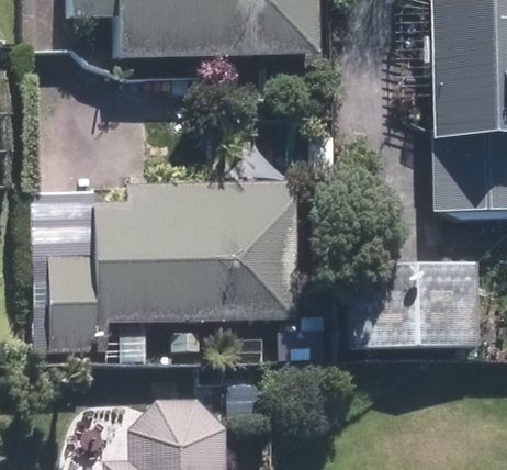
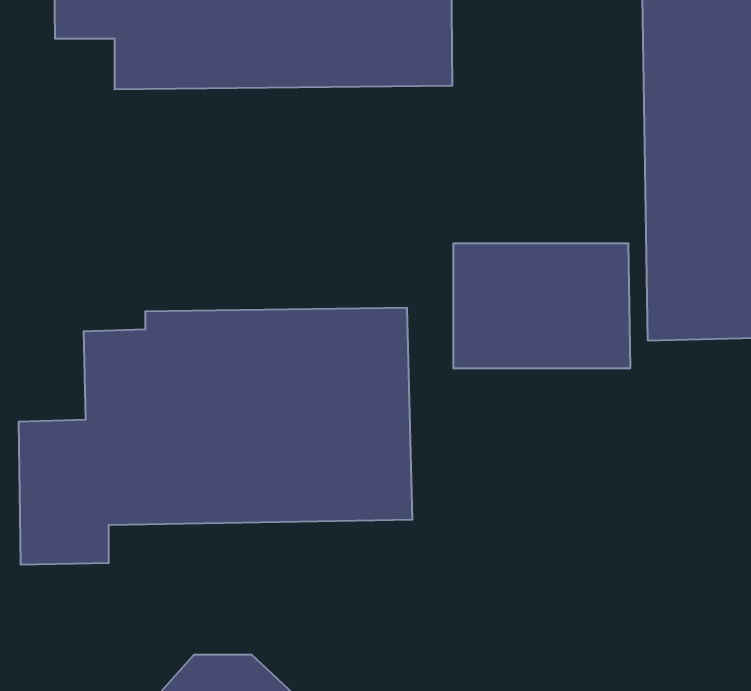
building: [368,268,475,344] -> [453,244,630,368]

